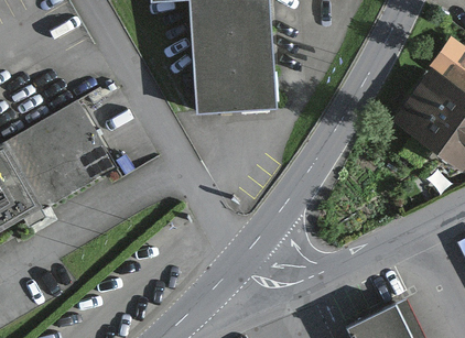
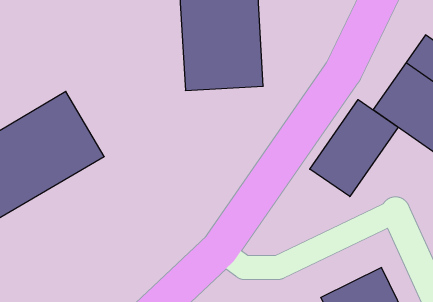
building: none -> [310,100,398,197]

